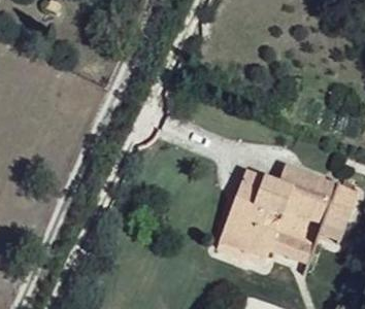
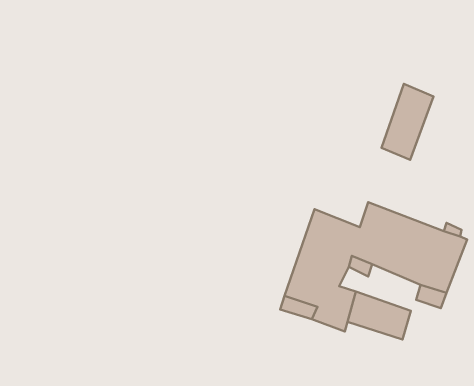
building: none -> [381,84,434,160]

